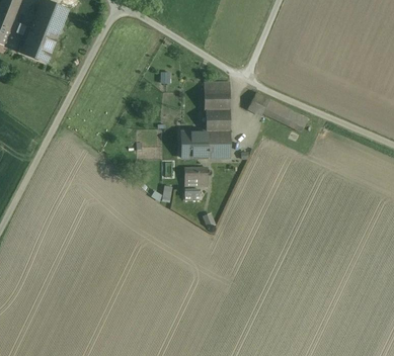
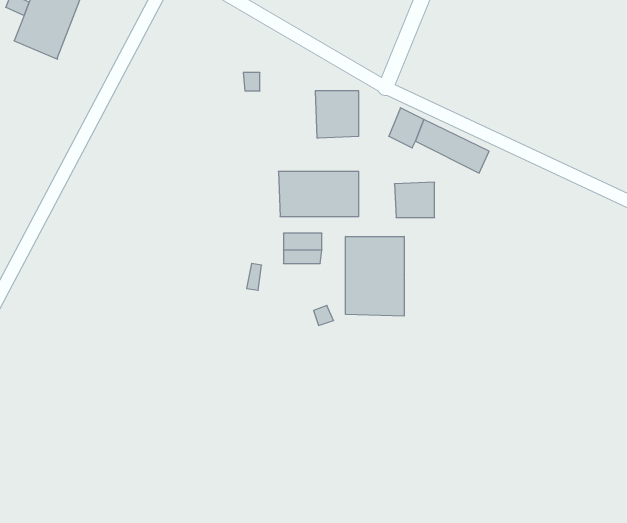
building: [206,109,230,130] -> [394,182,435,217]
building: none -> [346,236,404,316]

